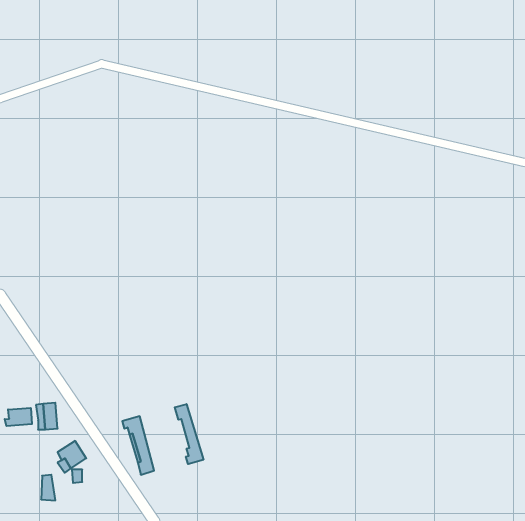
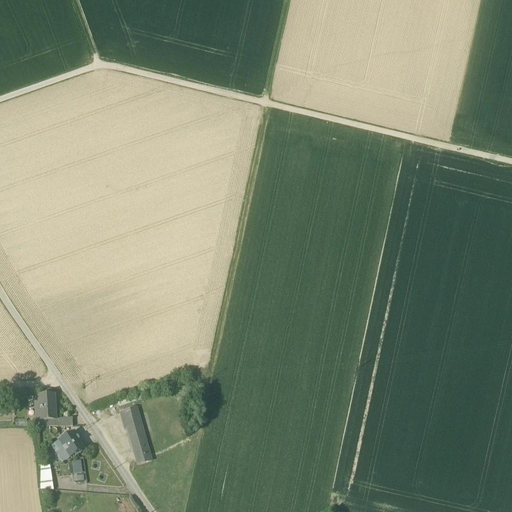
building: [175,404,203,464] -> none
building: [5,408,32,426] -> none

